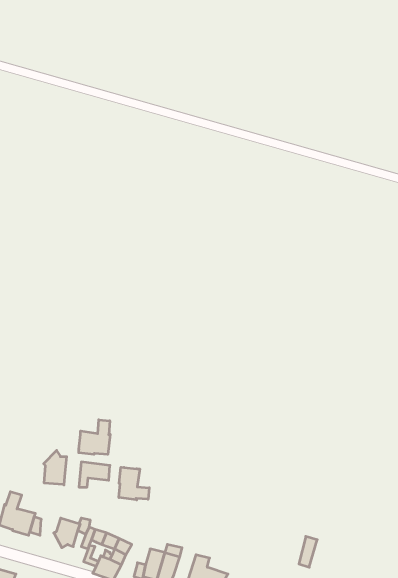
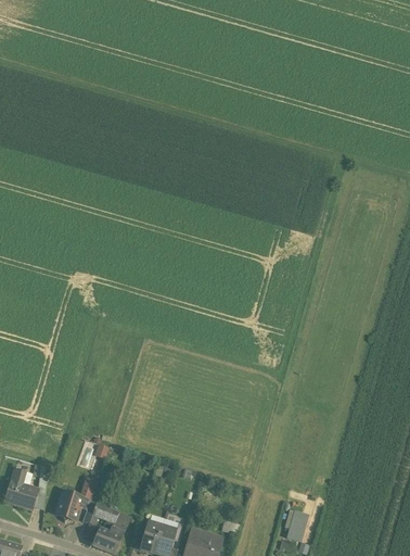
building: [79,420,110,454] -> none
building: [44,450,67,485] -> none
building: [119,467,149,500] -> none

